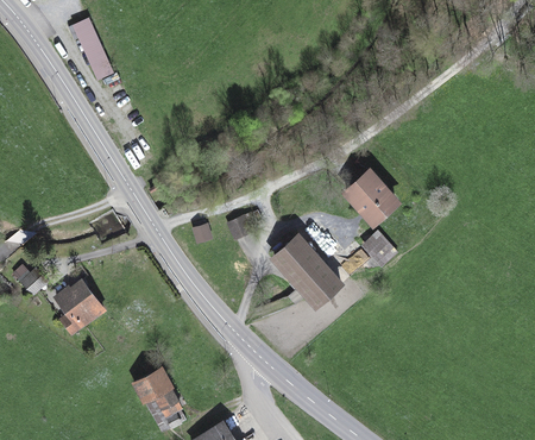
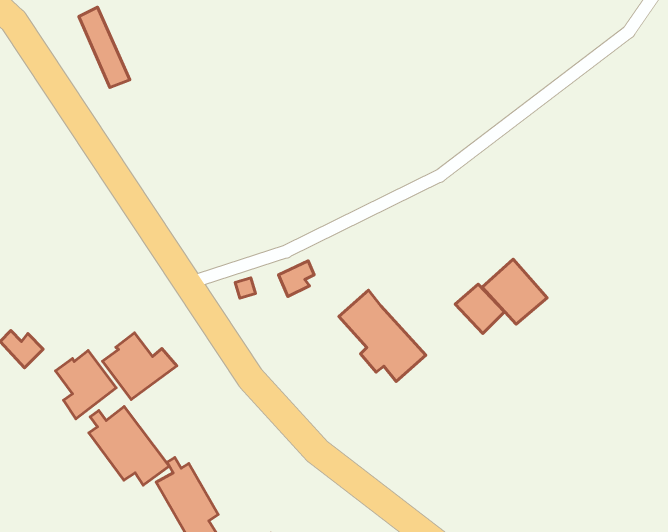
building: [345,170,395,220] -> [482,259,547,324]
building: none -> [103,333,177,399]
building: none -> [89,406,169,485]

